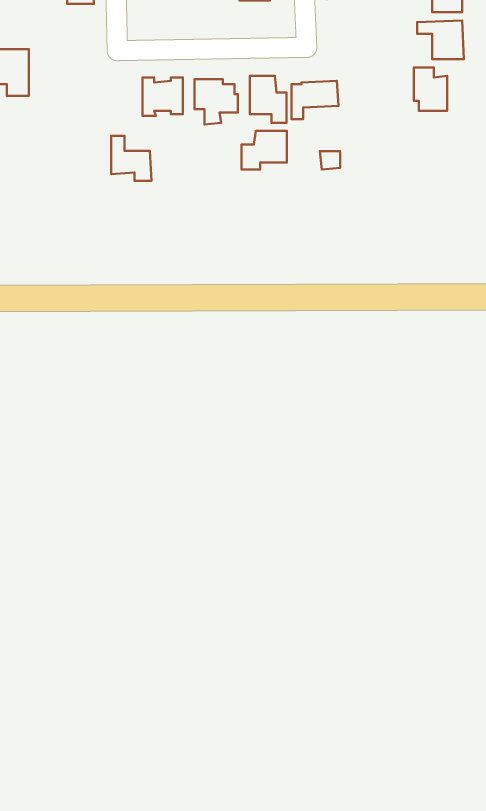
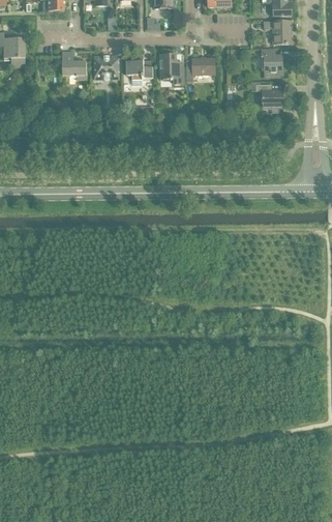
building: none -> [255,82,282,106]
building: [242,131,287,169] -> none
building: [111,136,151,181] -> [61,50,86,78]

